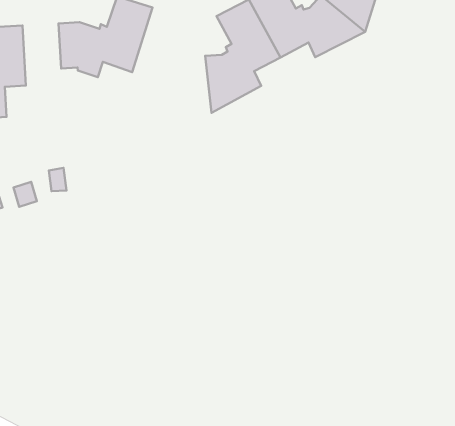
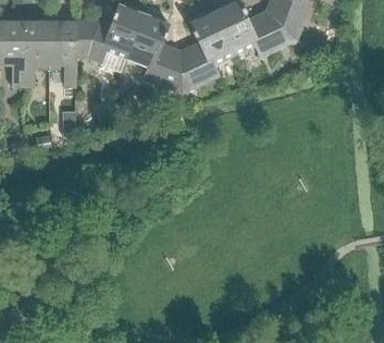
building: none -> [126,13,182,91]
building: none -> [49,21,75,86]

